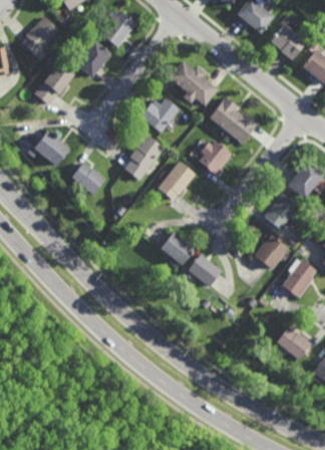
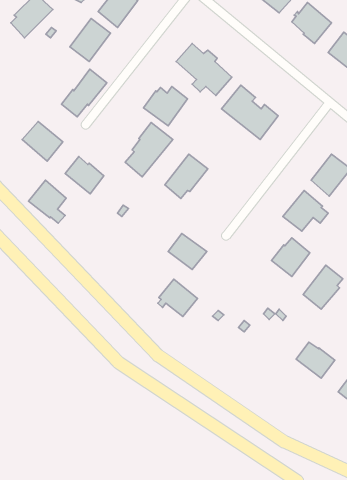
building: [33,62,73,104] -> [61,69,107,117]
building: [200,139,233,173] -> none
building: none -> [28,180,66,223]
building: [189,252,224,285] -> [158,279,197,317]

